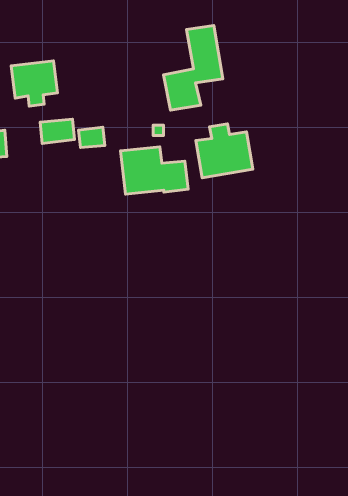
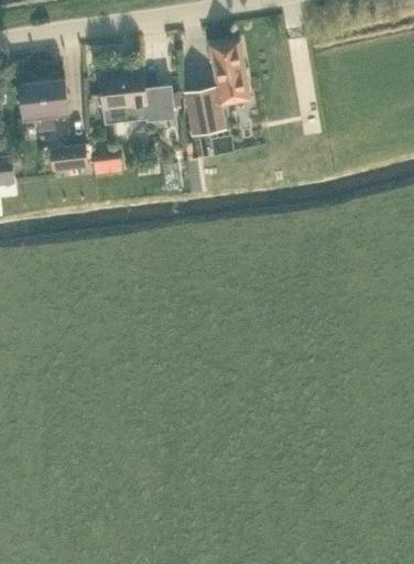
building: [196,124,253,178] -> none
building: [120,147,188,194] -> [100,73,174,124]

